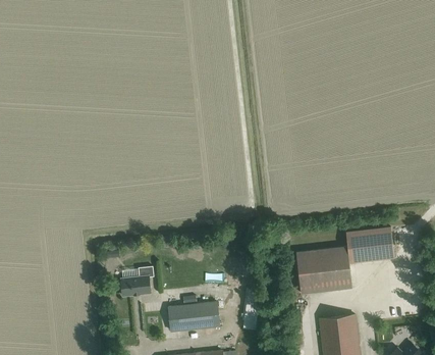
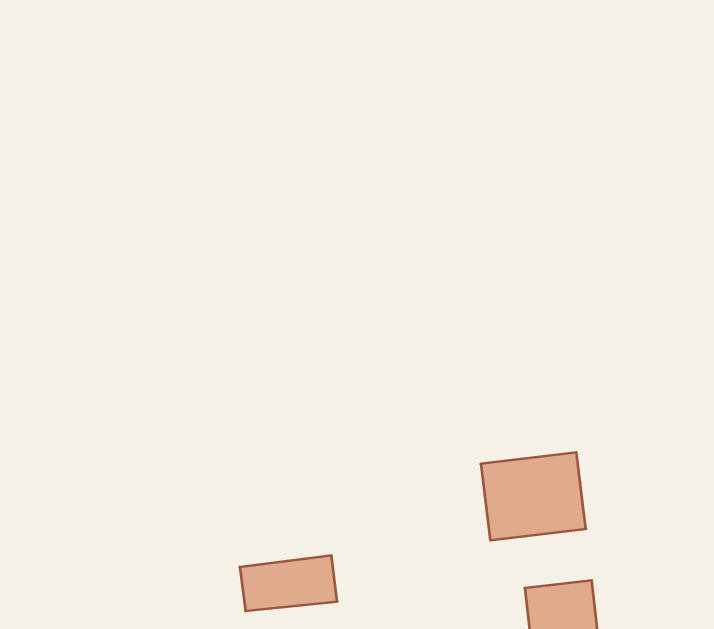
building: [345,226,393,262] -> none
building: [120,265,153,295] -> none

